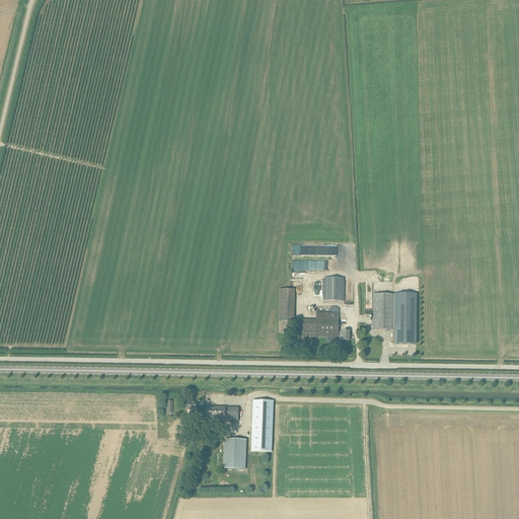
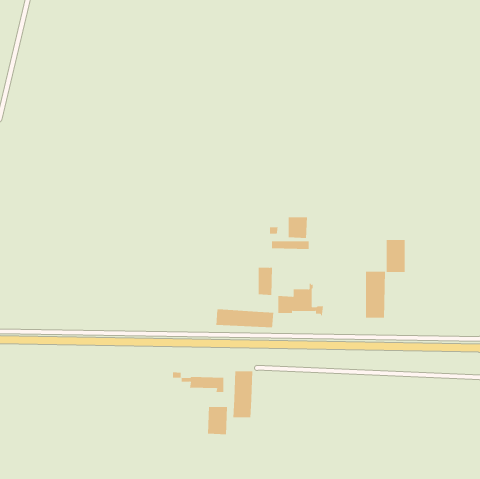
building: [322,277,344,300] -> [288,217,308,238]
building: [372,293,393,328] -> [386,240,406,273]
building: none -> [216,308,274,328]

